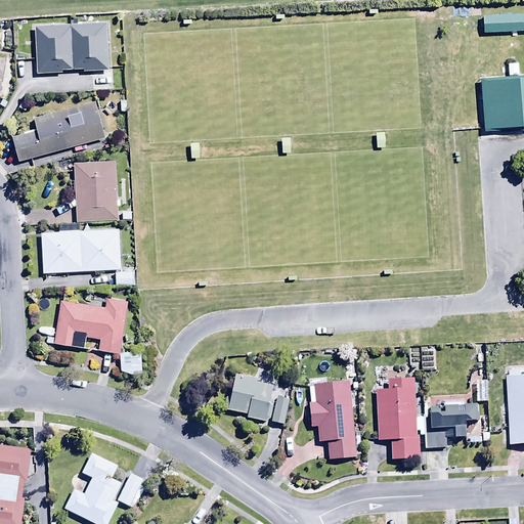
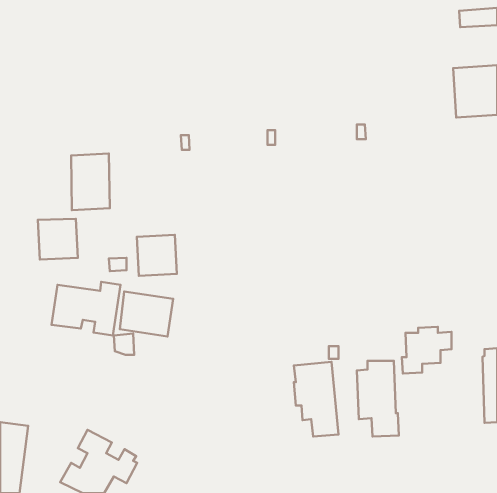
building: [35,21,110,73] -> none
building: [13,101,106,166] -> none
building: [80,228,122,271] -> [137,235,177,276]
building: none -> [120,292,173,336]
building: [225,374,290,425] -> none
building: [426,399,478,448] -> [402,327,451,374]

